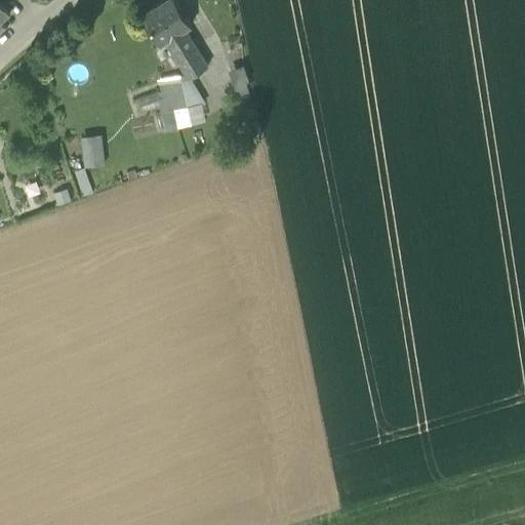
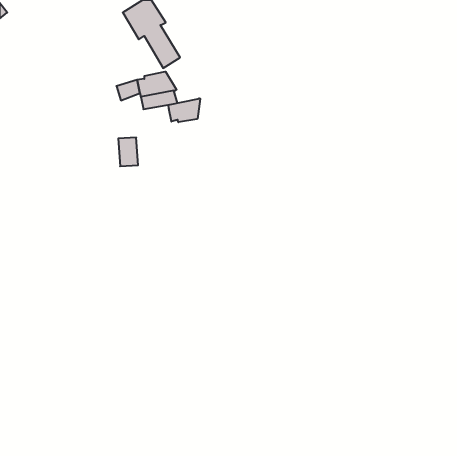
building: none -> [168,98,200,122]
building: [83,134,106,167] -> [118,138,138,166]

